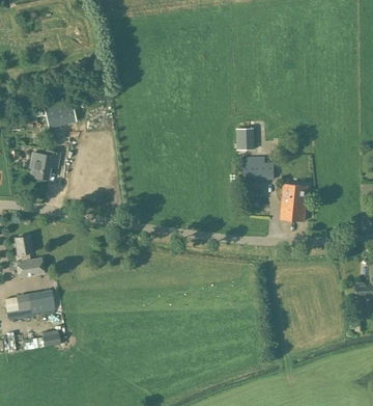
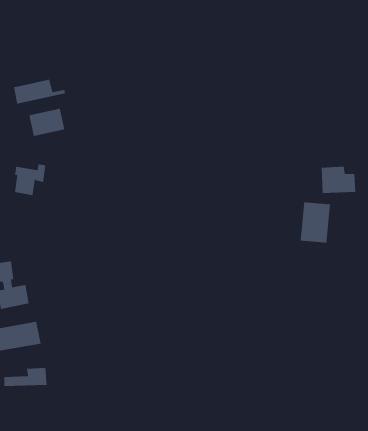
building: none -> [14,79,66,105]
building: [235,129,254,151] -> none
building: [242,157,274,181] -> [321,166,356,193]

